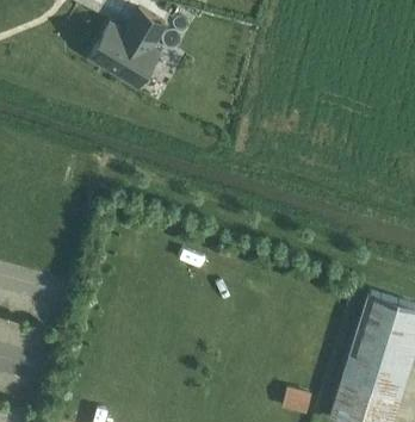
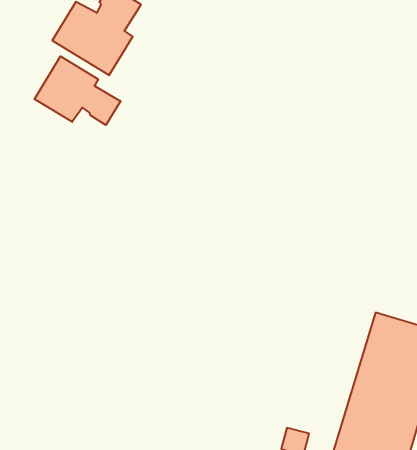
building: none -> [35,56,121,125]

